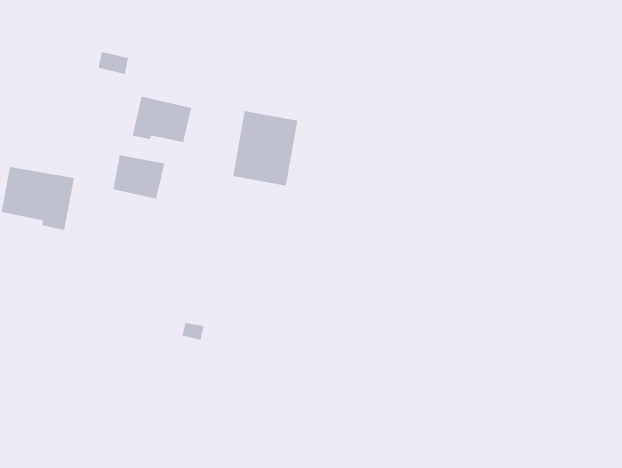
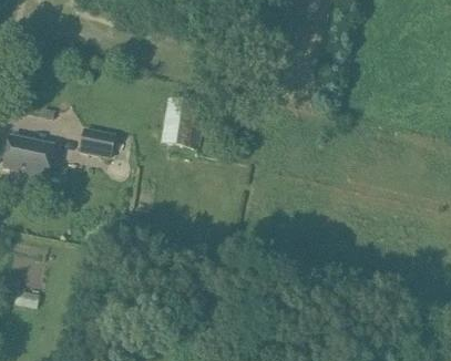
building: [132,96,192,143] -> none

